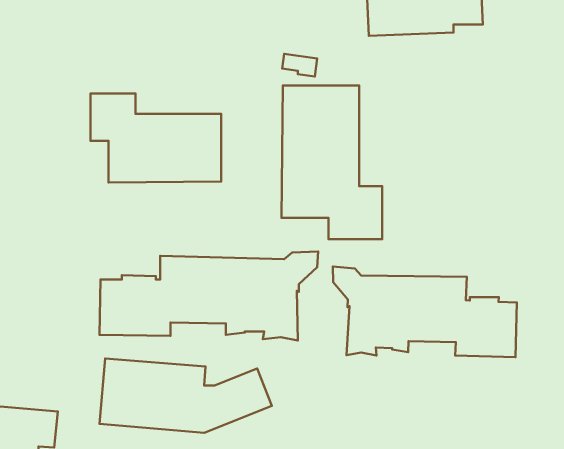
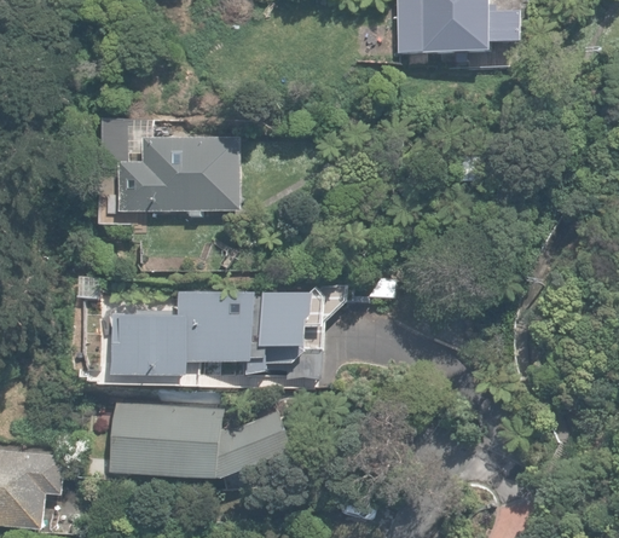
building: [282,85,382,239] -> none
building: [333,267,517,357] -> none

